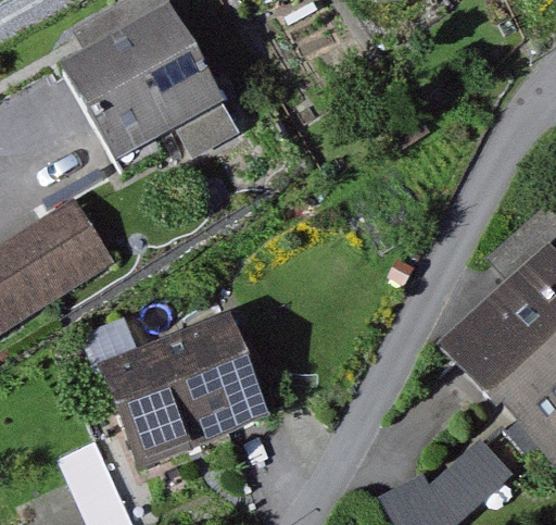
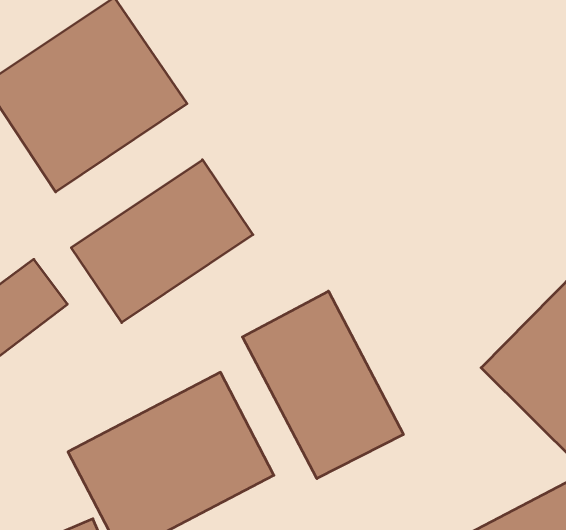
building: none -> [71,160,253,323]
building: none -> [242,291,403,479]

